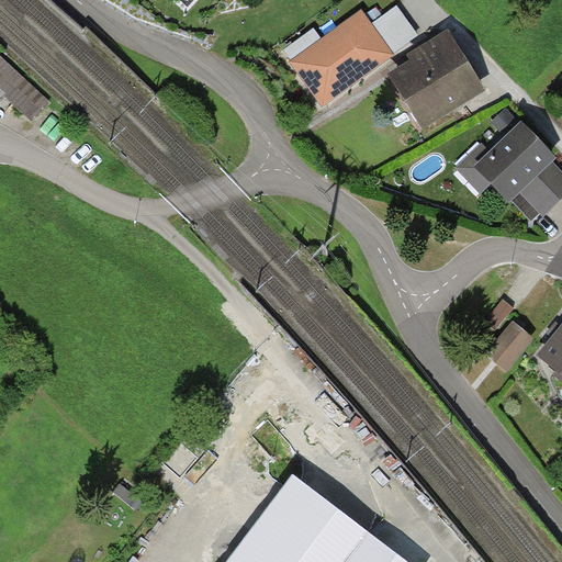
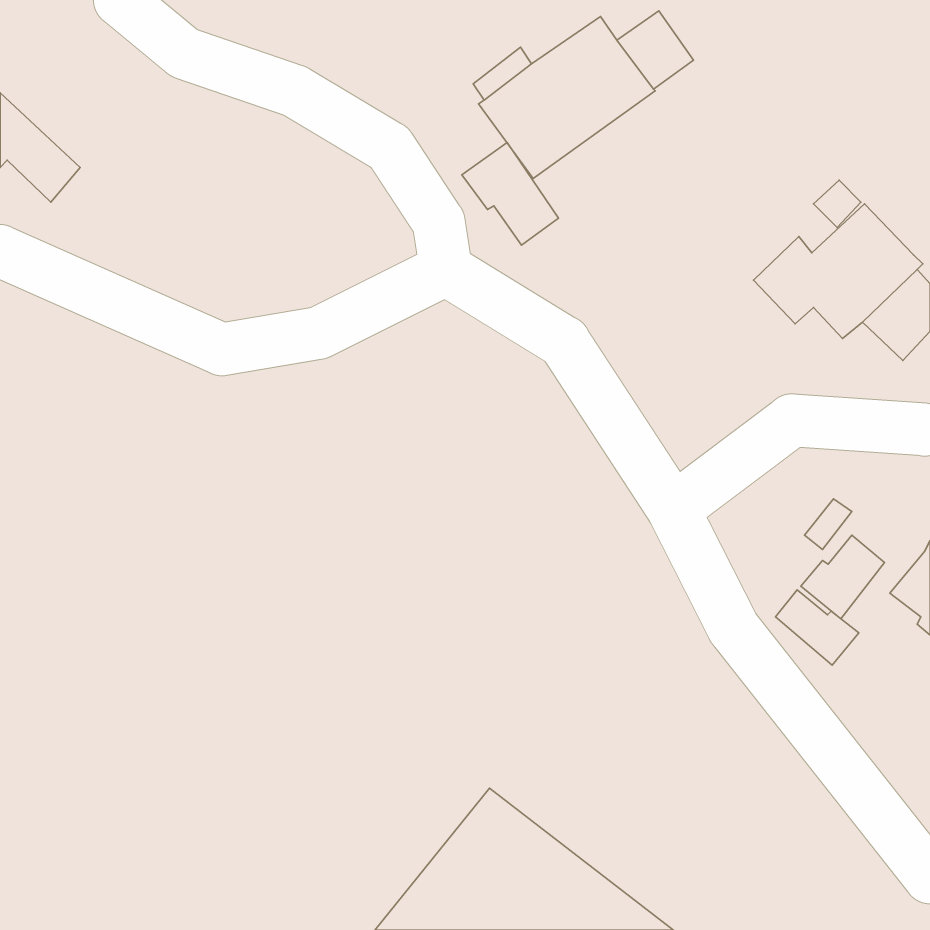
building: [387,31,486,132] -> none
building: none -> [462,143,559,245]
building: none -> [776,590,859,665]

